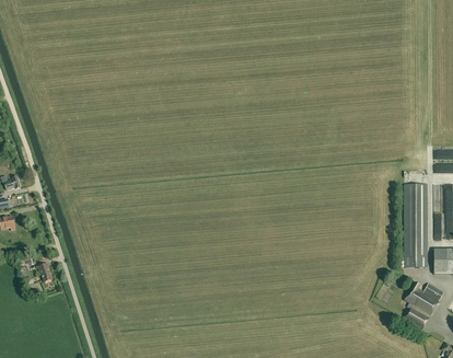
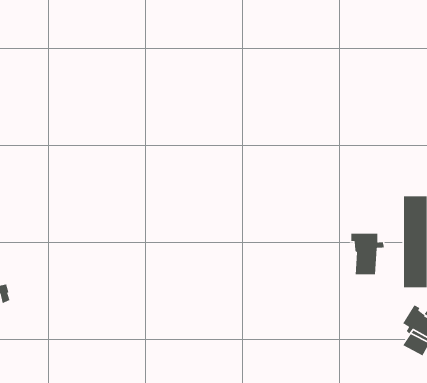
building: none -> [350,233,385,275]

